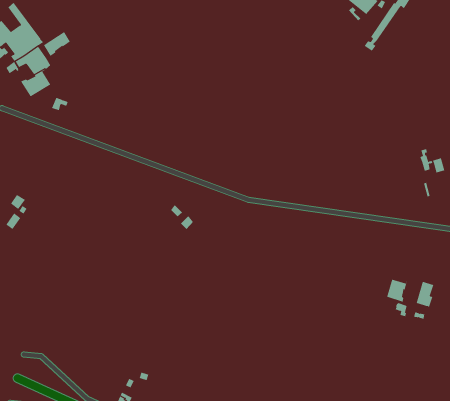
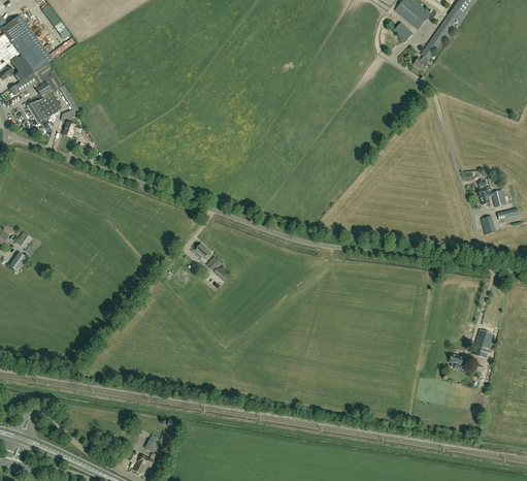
building: [43,31,73,57] -> none
building: [387,279,407,302] -> none

